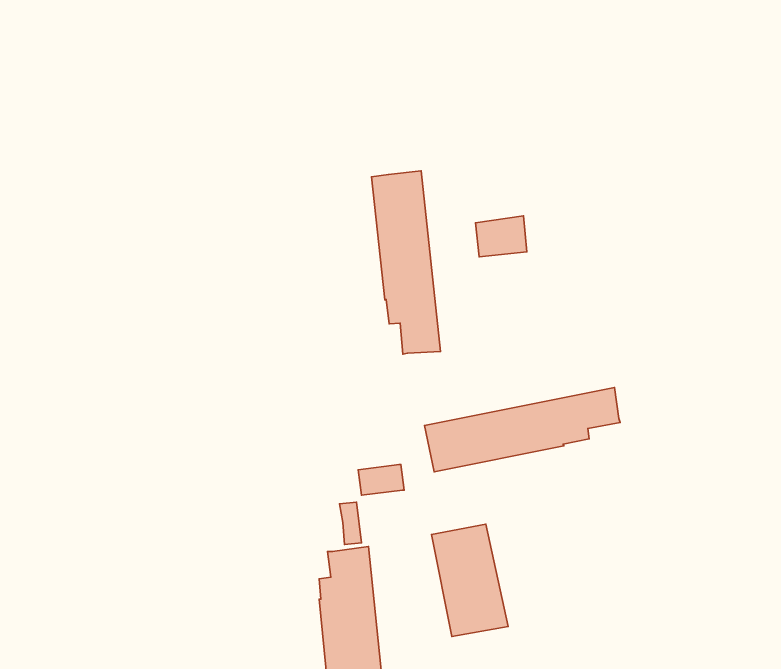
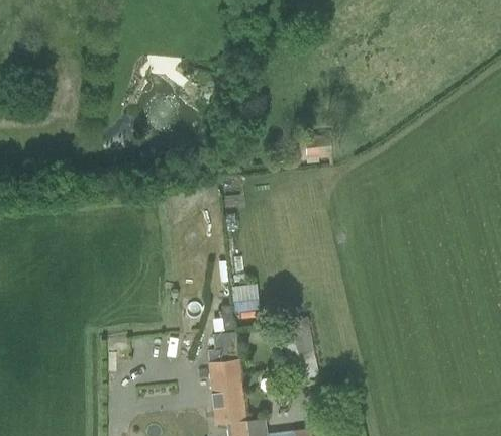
building: [371,171,441,354] -> none
building: [424,387,620,472] -> none

